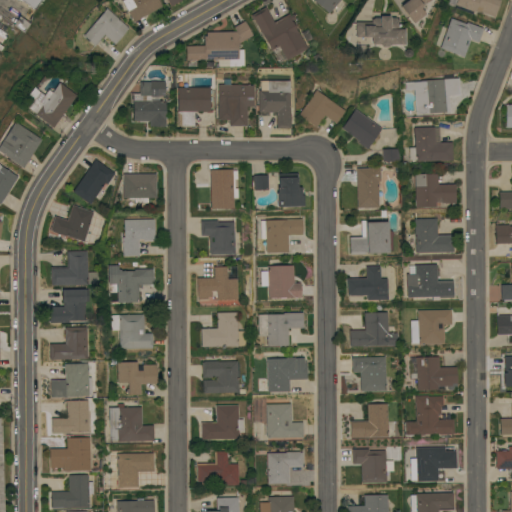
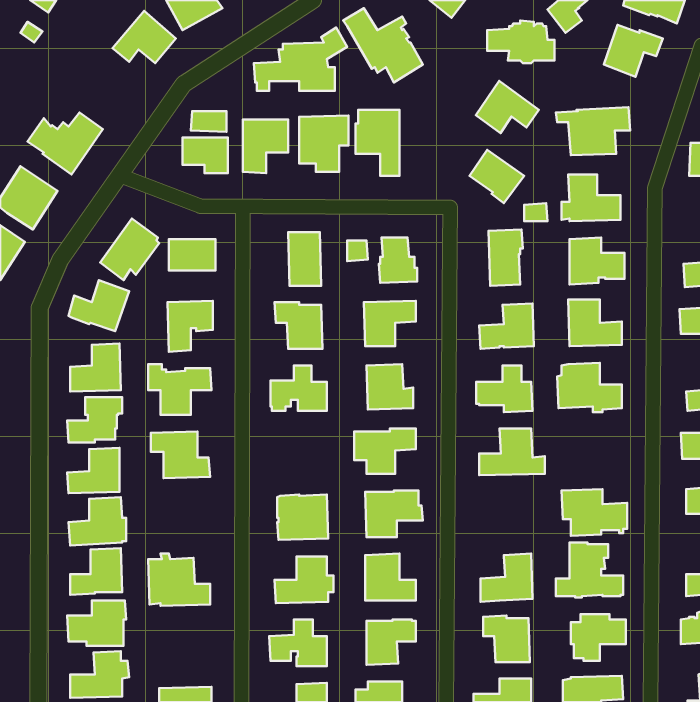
building: [300,89,346,127] -> [476,81,539,133]
building: [411,309,452,344] -> none
building: [202,312,246,346] -> none
building: [352,356,387,391] -> none
building: [118,361,158,395] -> none
building: [117,452,155,487] -> none

